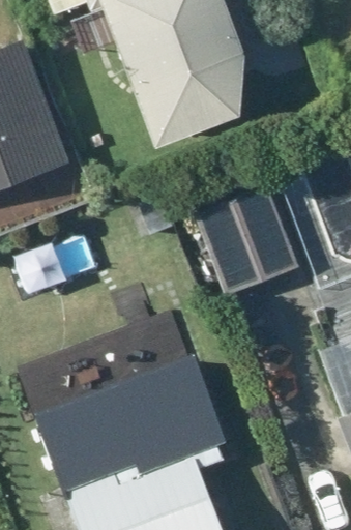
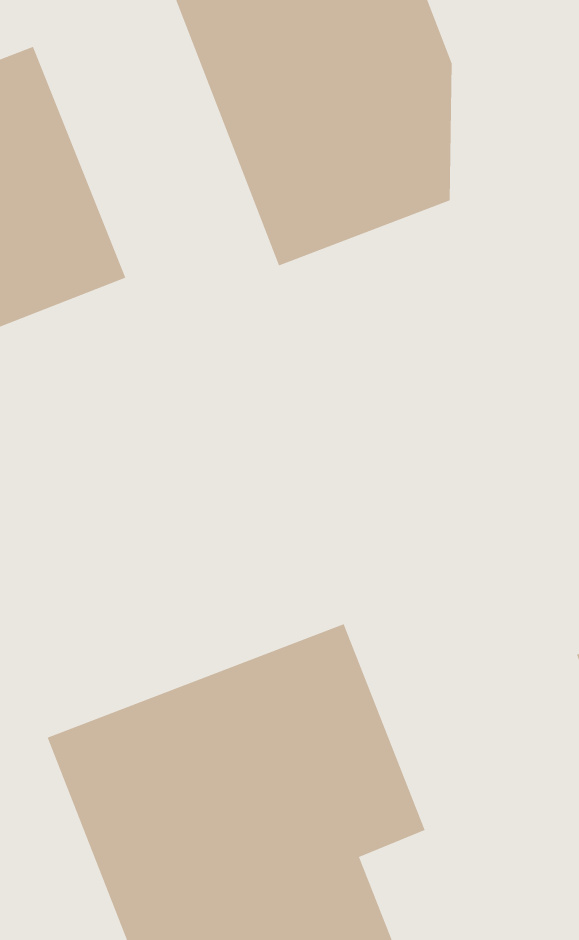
building: [198,179,301,292] -> none

